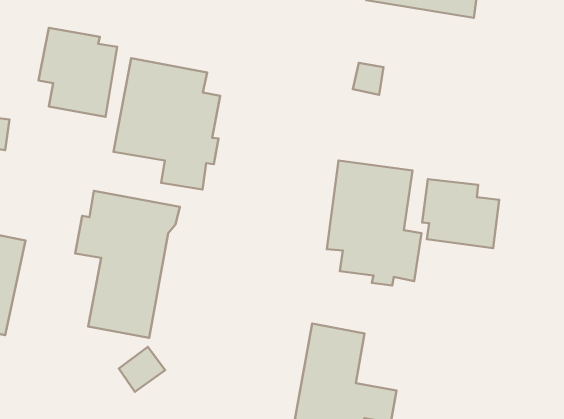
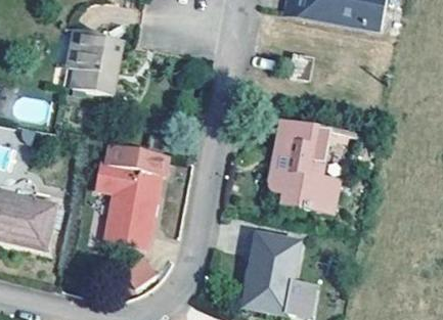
building: [114,58,220,189] -> none
building: [422,179,499,248] -> none

